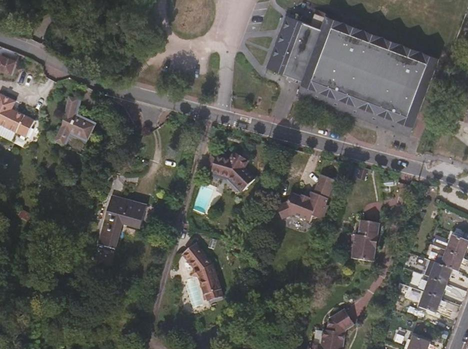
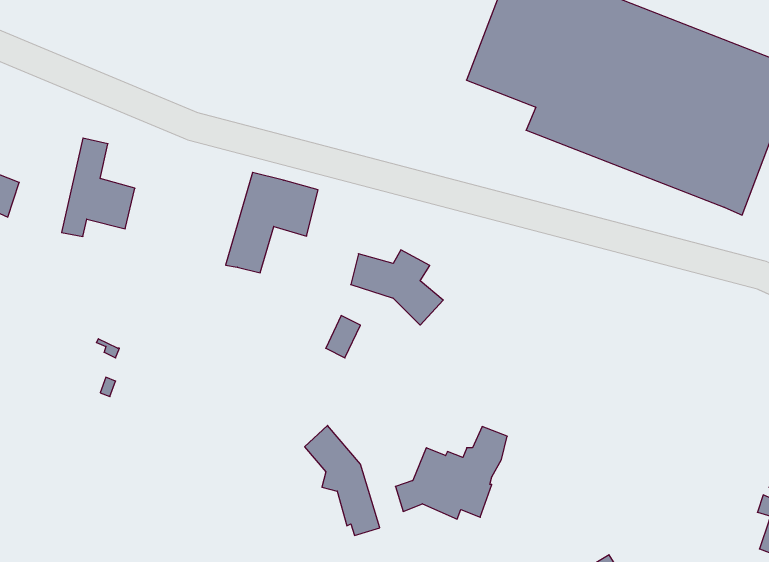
building: [274,174,332,222] -> [395,427,507,519]
building: [98,196,146,248] -> [226,172,318,273]
building: [349,221,378,264] -> none

